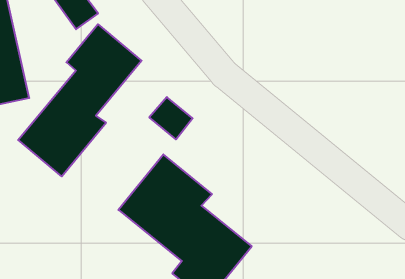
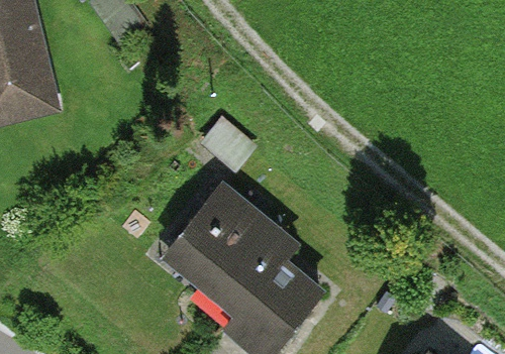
building: [18,24,142,176] -> none

